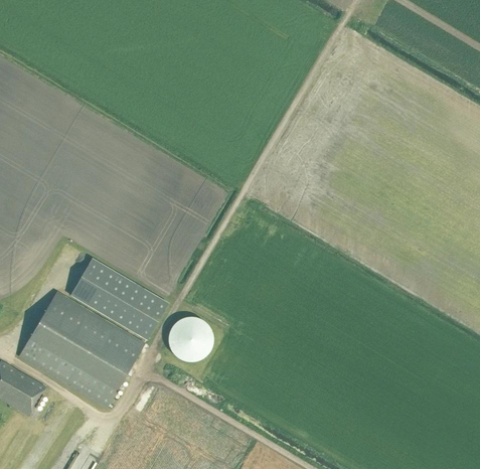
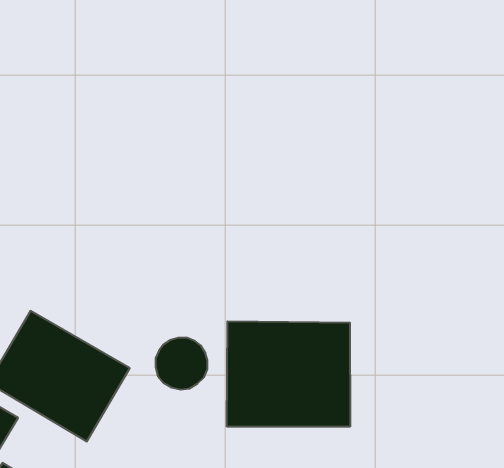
building: [69,259,167,340] -> none
building: none -> [227,321,350,427]

